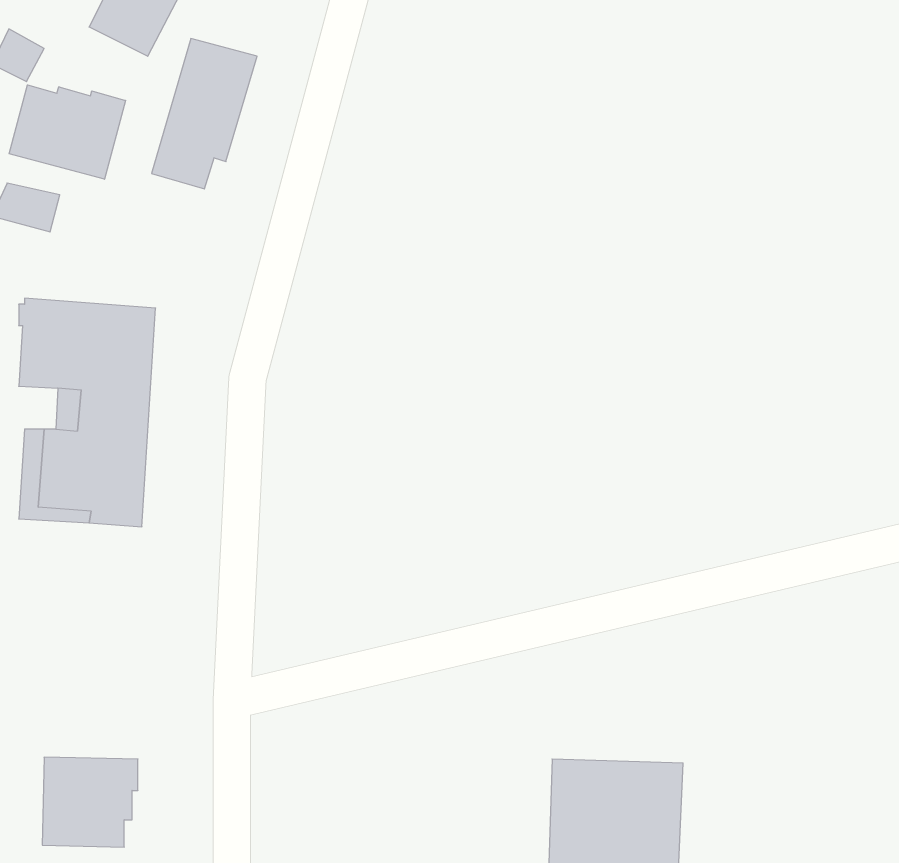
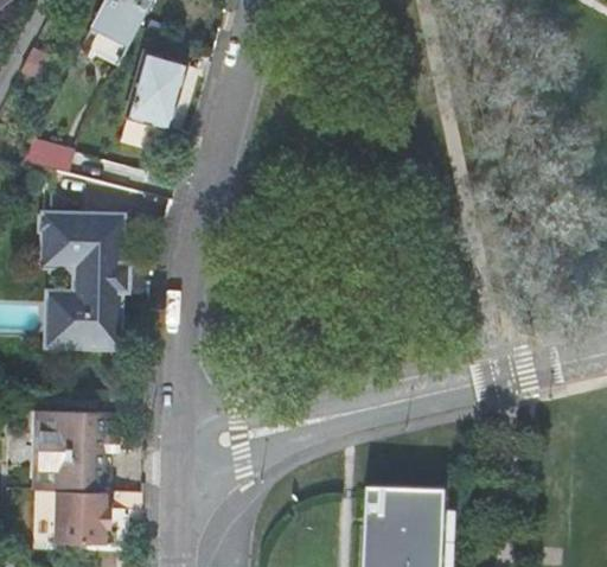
building: [9,85,126,179] -> none
building: none -> [40,413,116,491]

